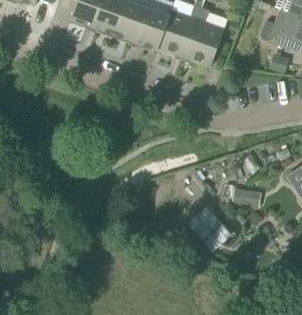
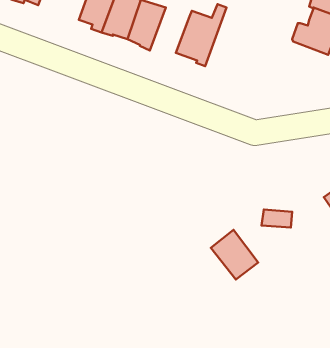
building: [134,7,170,49] -> none
building: [184,7,225,66] -> none

